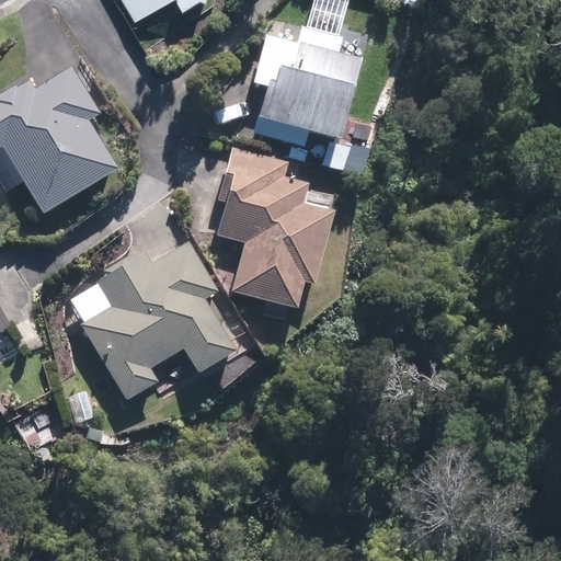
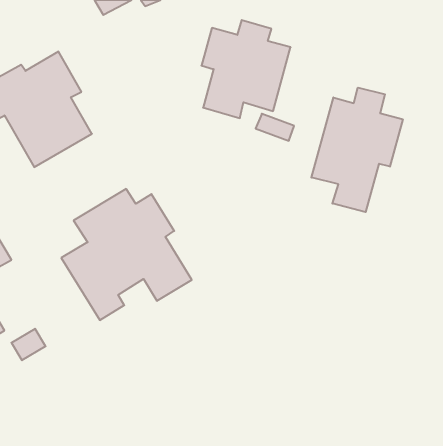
building: none -> [311,88,403,212]
building: [213,150,335,310] -> none

